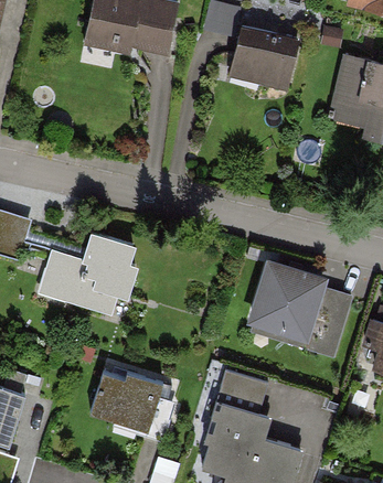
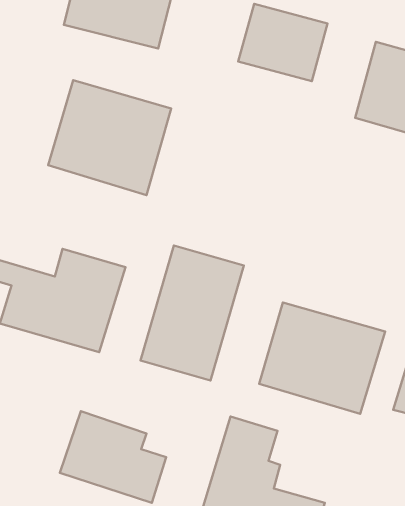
building: none -> [48,80,171,195]
building: none -> [140,245,244,381]

